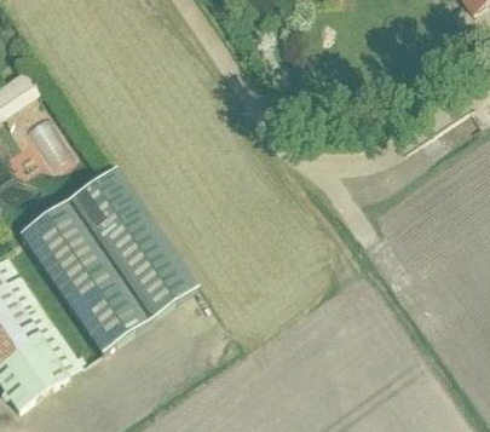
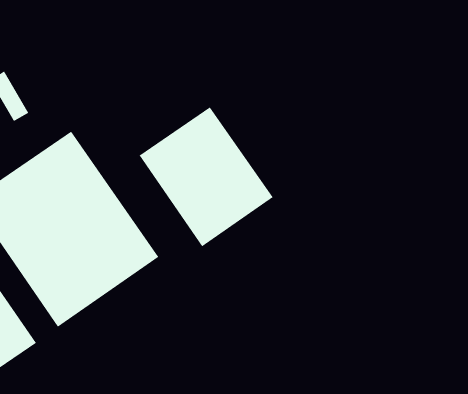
building: none -> [139,107,274,247]

